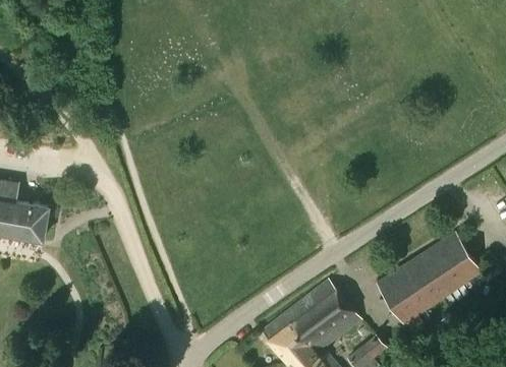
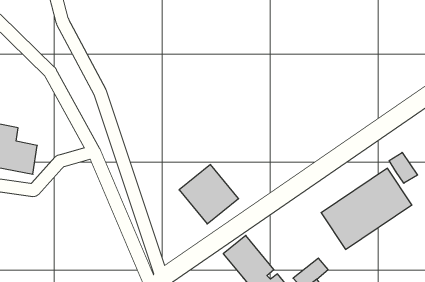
building: none -> [389,152,418,183]
building: [289,281,358,350] -> [179,165,239,224]

